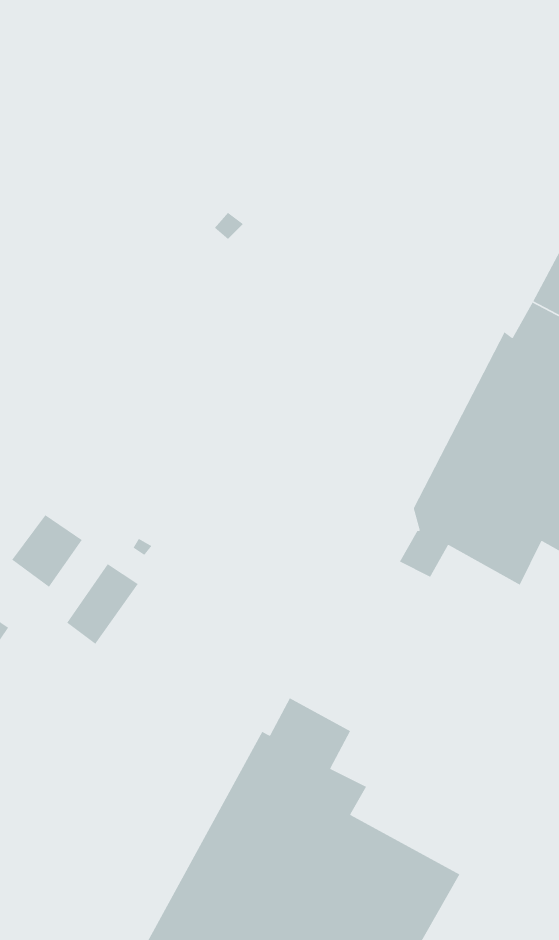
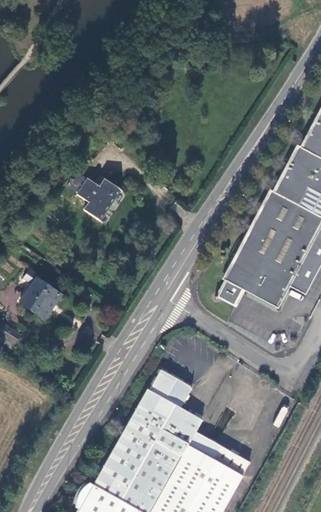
building: none -> [80,178,119,219]
building: [66,563,139,645] -> none

